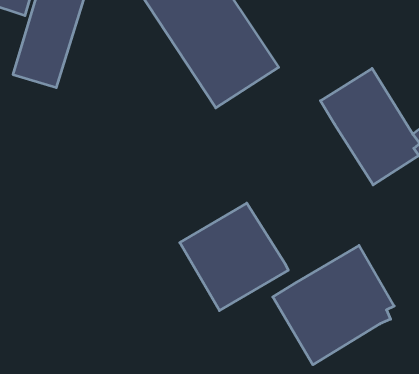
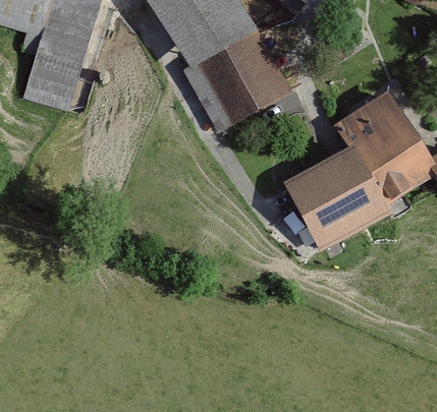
building: [180,203,288,311] -> [282,143,391,251]
building: [273,245,394,365] -> none

